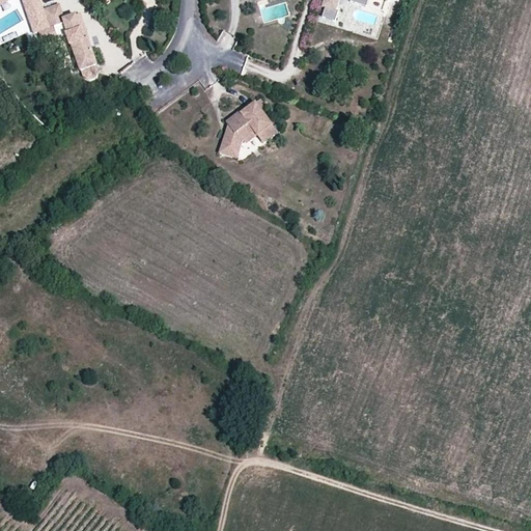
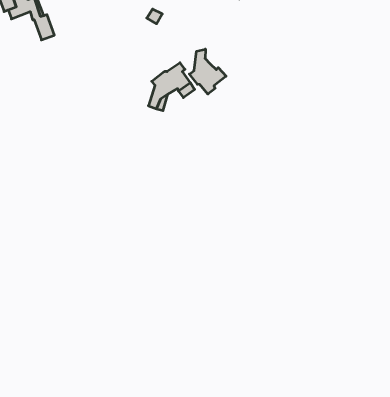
building: none -> [189,49,226,94]

